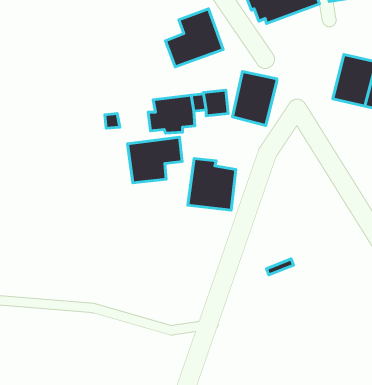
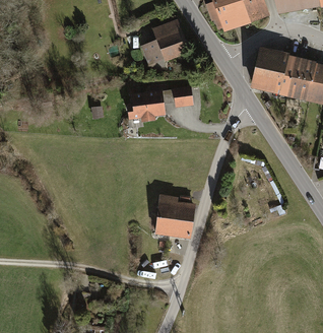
building: [233,71,277,126] -> [252,49,288,93]
building: [128,137,182,183] -> none
building: [188,158,236,210] -> [153,193,193,236]

